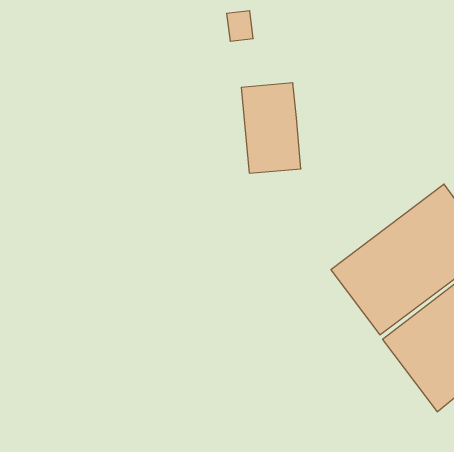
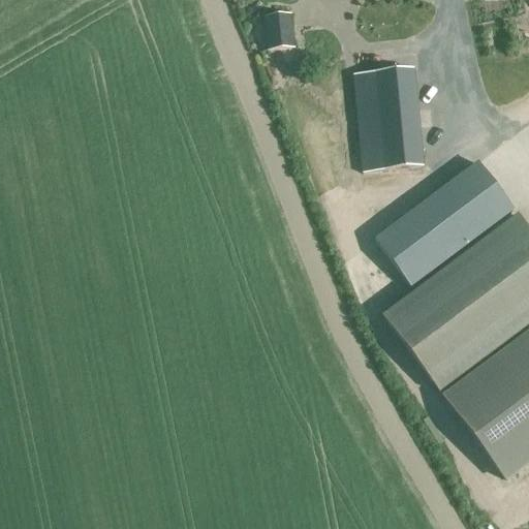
building: [241,83,301,173] -> [354,66,424,170]
building: none -> [376,161,514,284]

